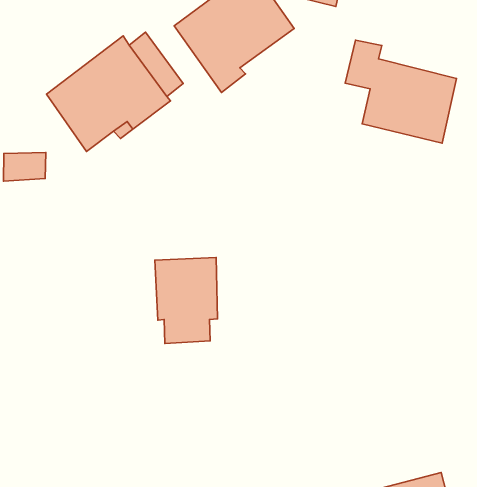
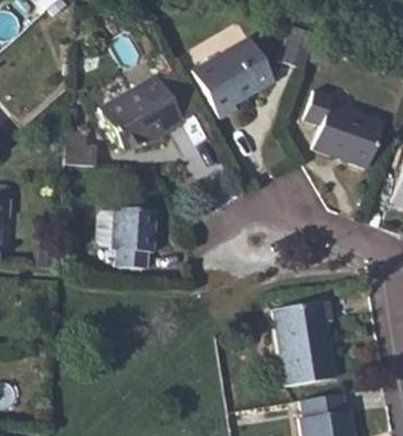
building: [155,257,218,344] -> [112,208,156,267]
building: none -> [275,301,335,385]

